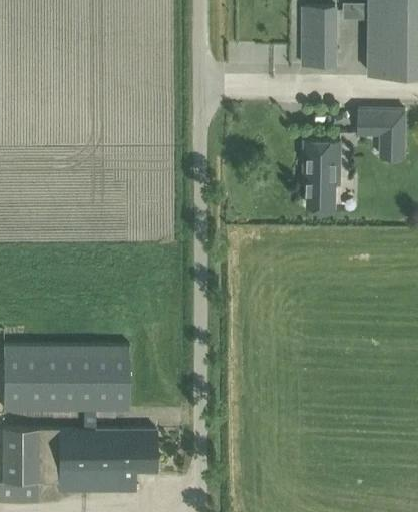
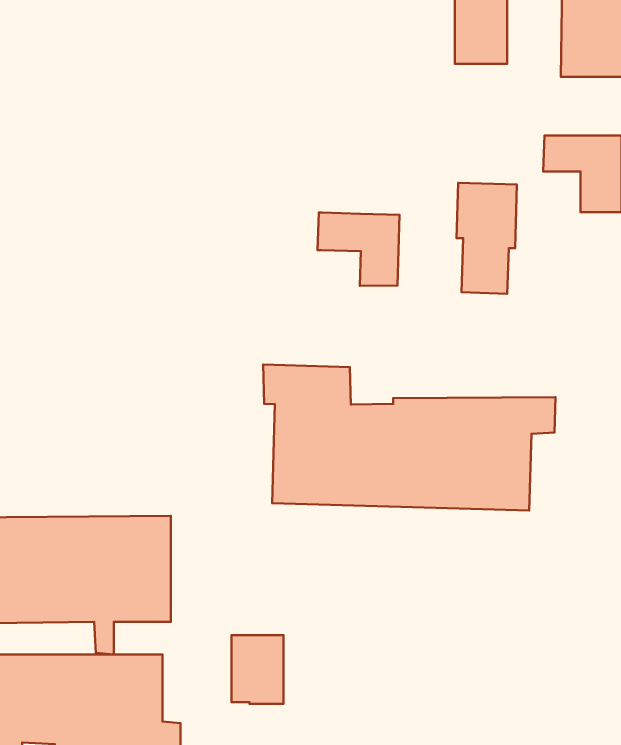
building: none -> [318,213,400,286]
building: none -> [263,365,556,510]
building: [124,431,156,473] -> [231,635,284,704]

